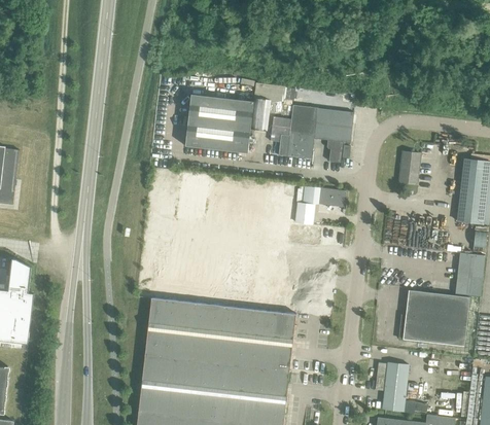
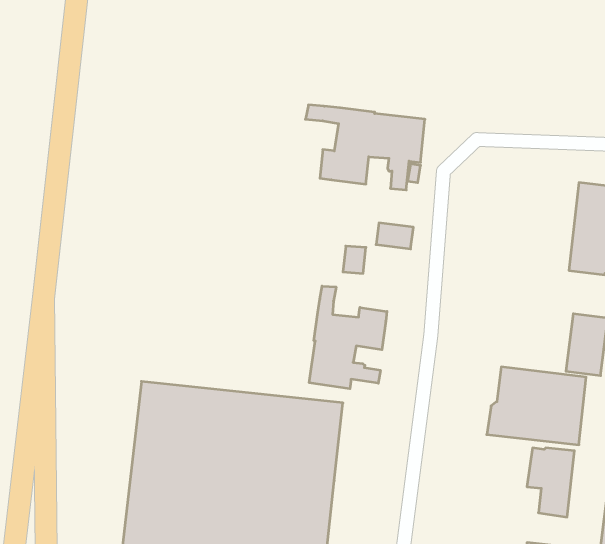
building: [184,95,267,153] -> none
building: [398,152,419,183] -> none
building: none -> [309,286,387,389]
building: [374,362,408,412] -> [527,448,574,517]

